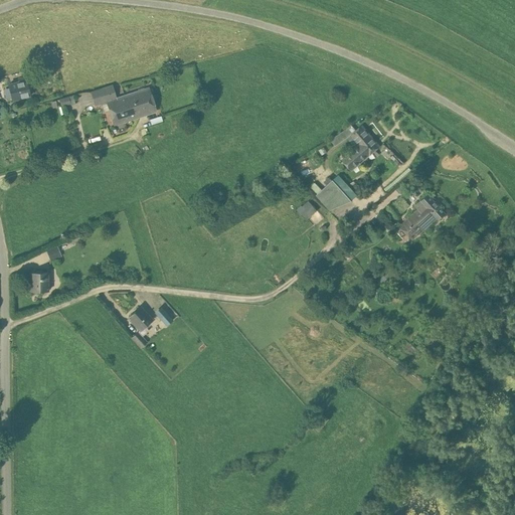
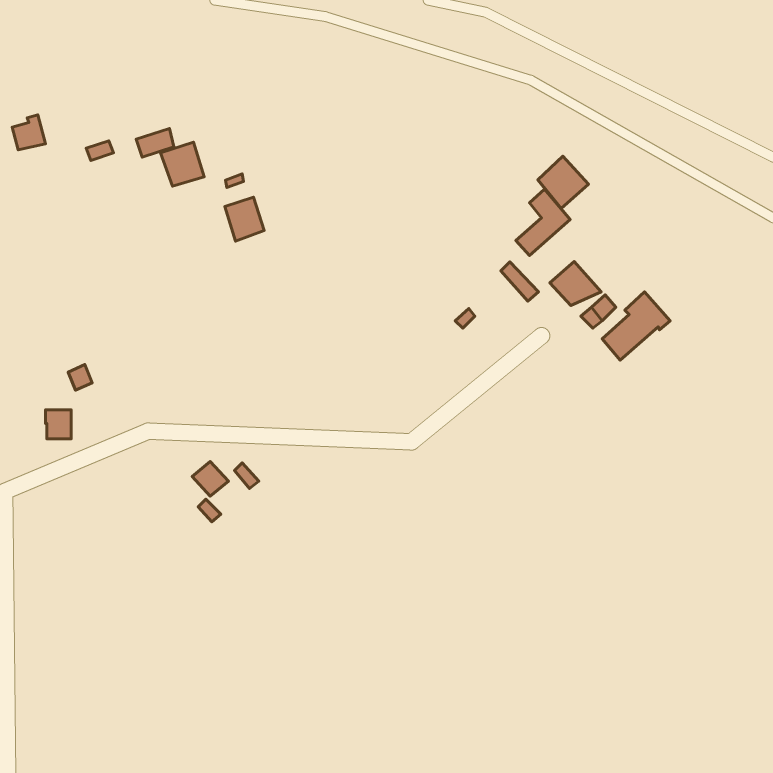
building: [129,89,155,118] -> [225,197,264,241]
building: none -> [538,156,588,209]
building: [317,180,351,209] -> [550,262,601,305]

